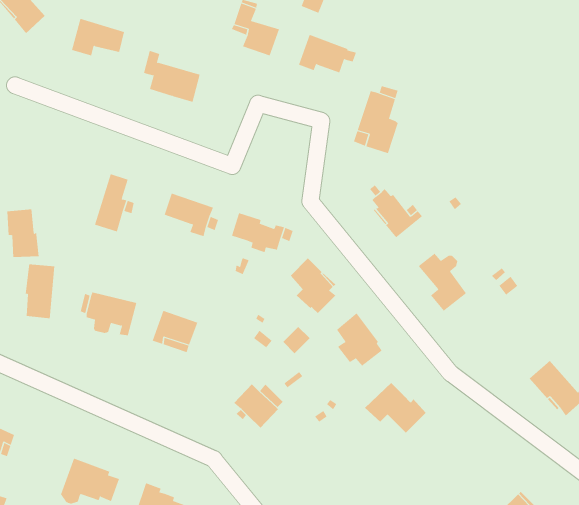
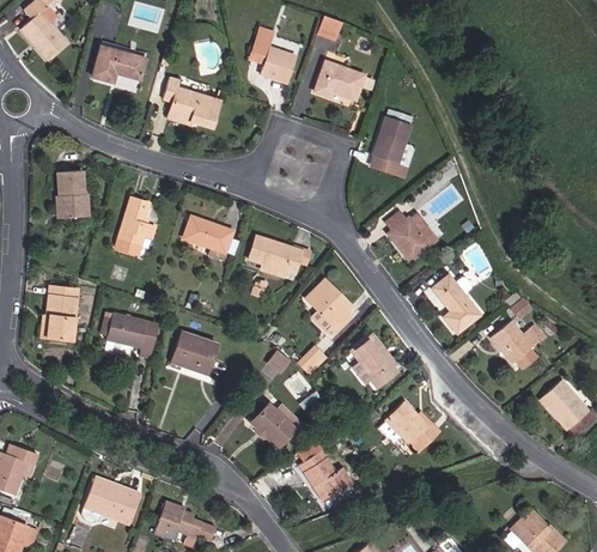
building: [6,209,39,258] -> [56,170,89,218]
building: none -> [491,321,543,369]
building: none -> [298,439,352,502]

